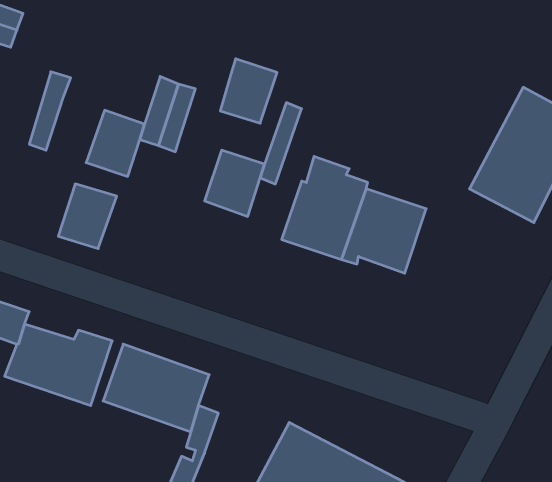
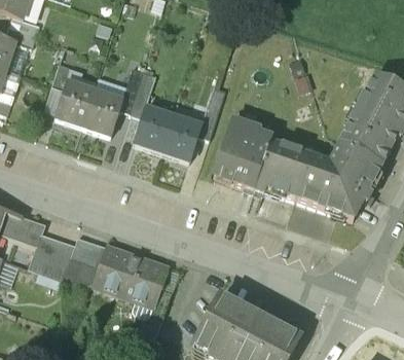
building: [220,59,277,123] -> [136,106,174,149]
building: [58,184,117,249] -> [57,80,96,123]
building: none -> [296,141,382,218]

